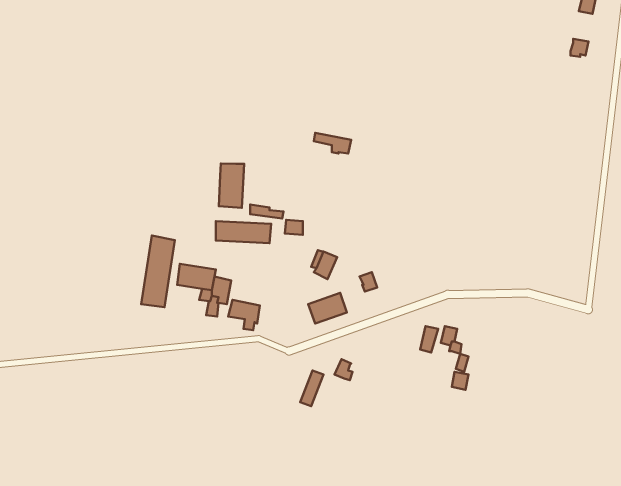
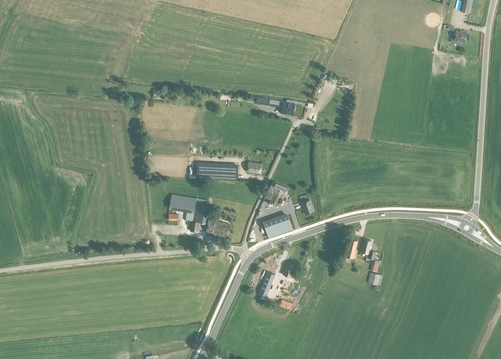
building: [219,164,244,208] -> none
building: [141,236,175,307] -> none

